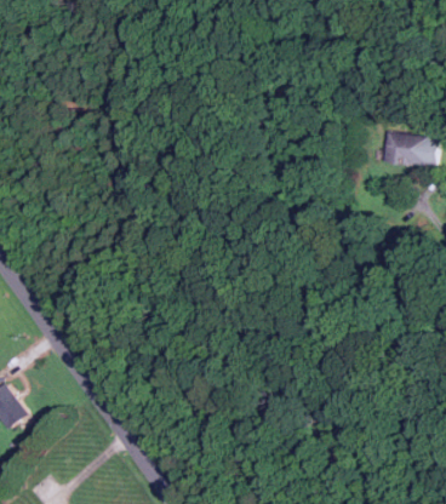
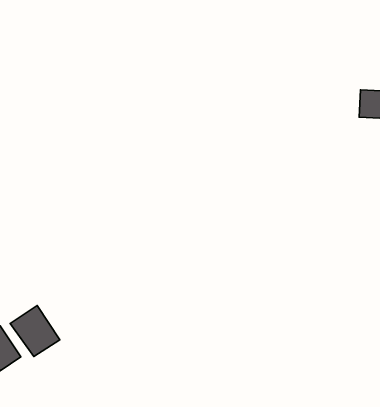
building: none -> [10,306,60,357]

